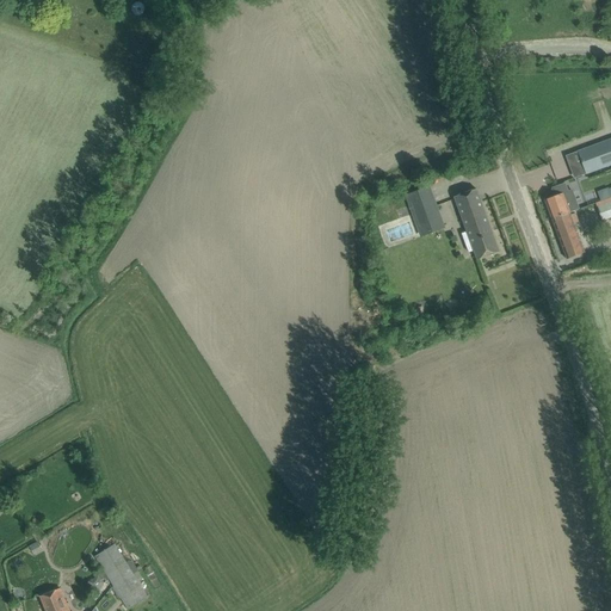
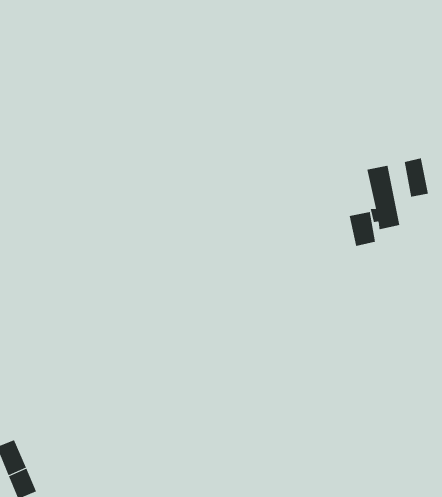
building: none -> [404,157,429,197]
building: [407,187,440,228] -> [349,211,376,247]

